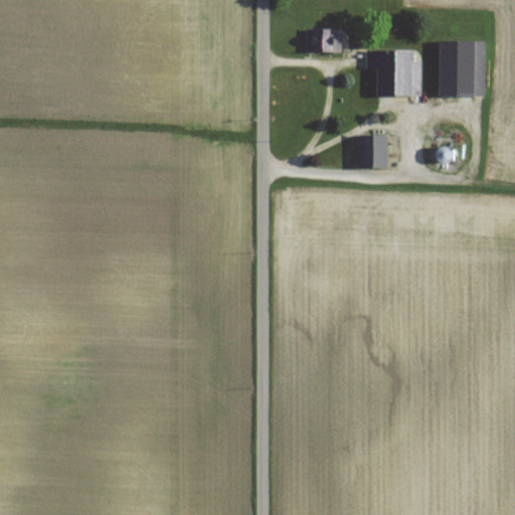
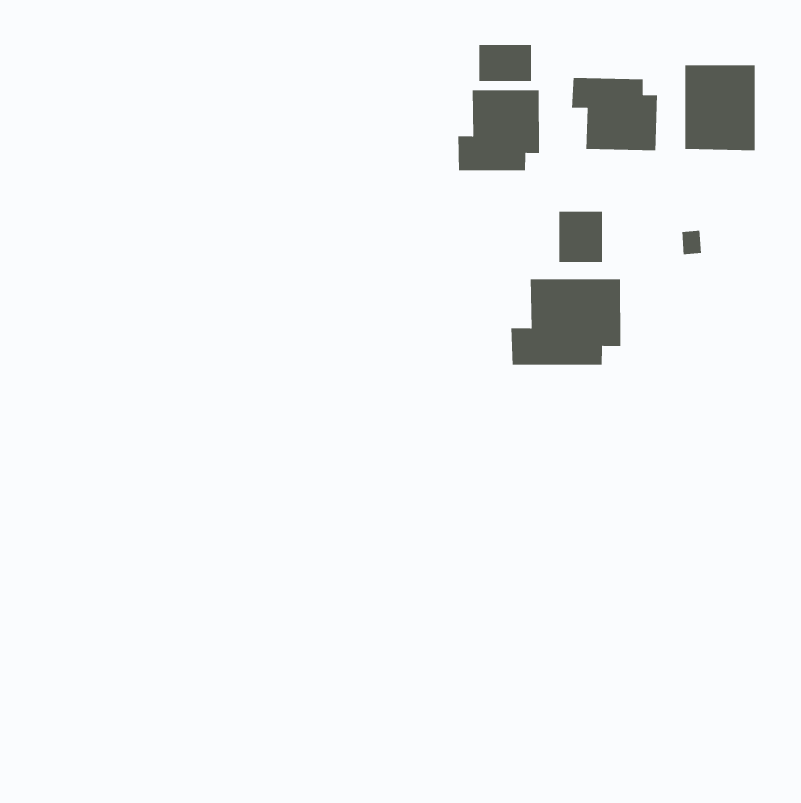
building: none -> [457,90,540,171]
building: none -> [511,278,621,366]

